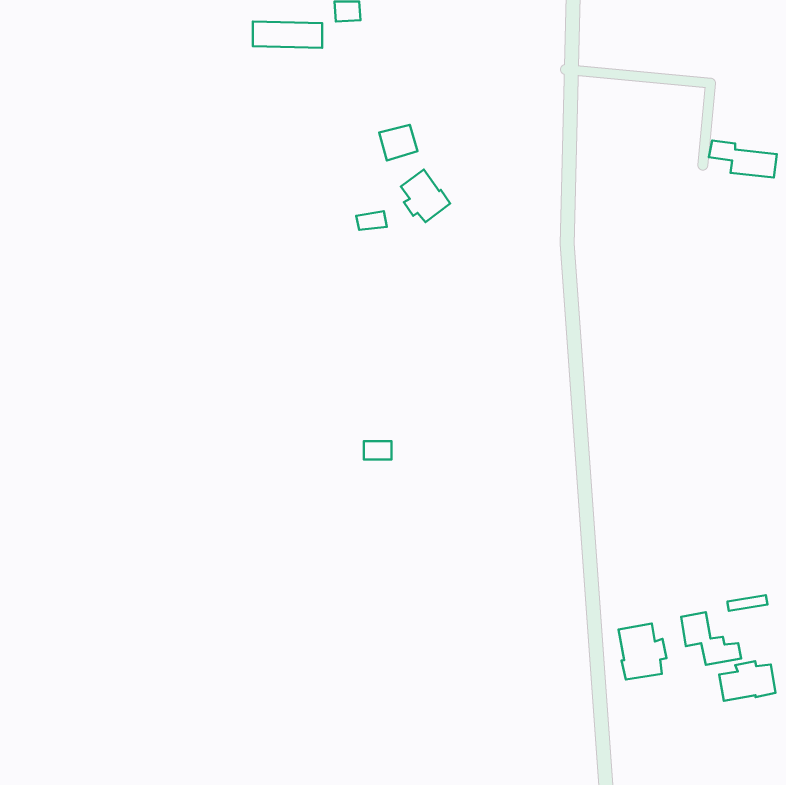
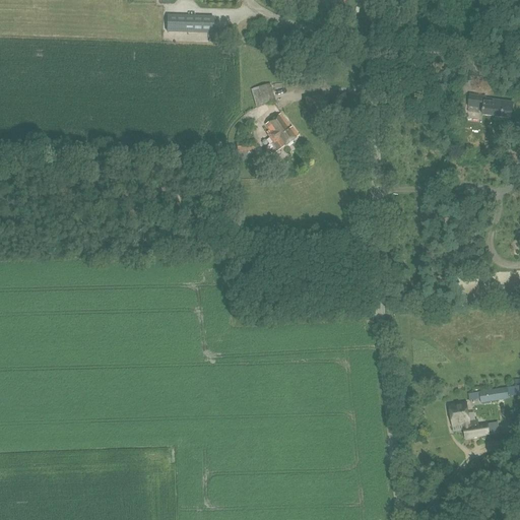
building: [618,624,667,680] -> none
building: [719,661,775,701] -> none

